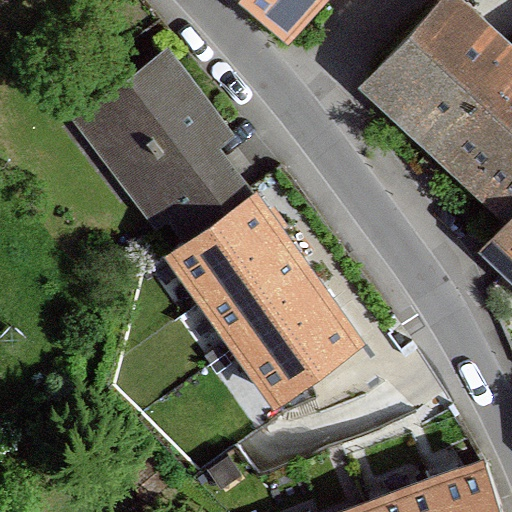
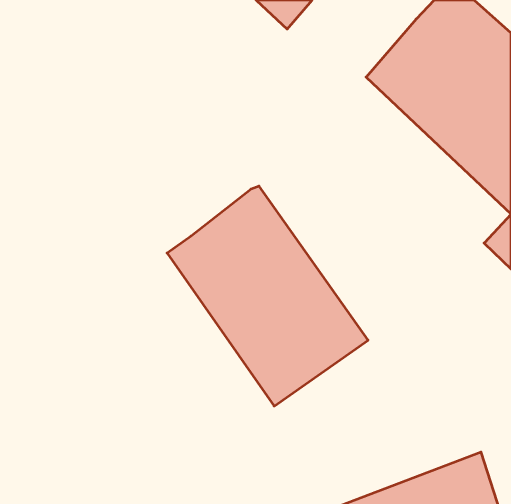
building: [78,51,251,243] -> none

